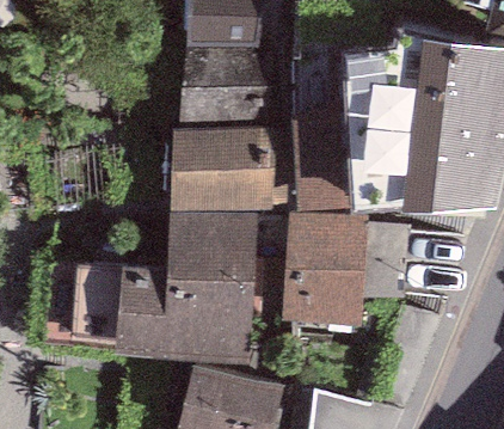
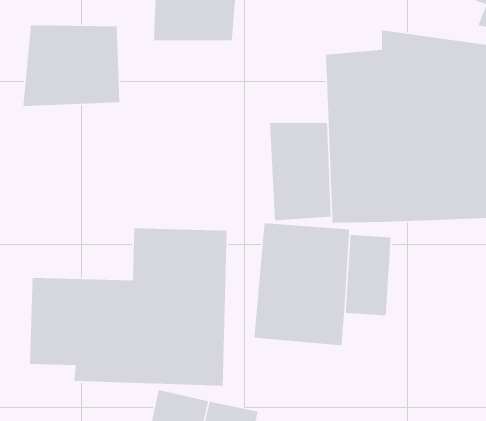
building: [179,47,269,122] -> [22,25,120,107]
building: [171,127,273,210] -> none

